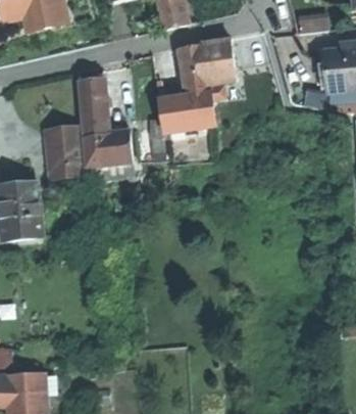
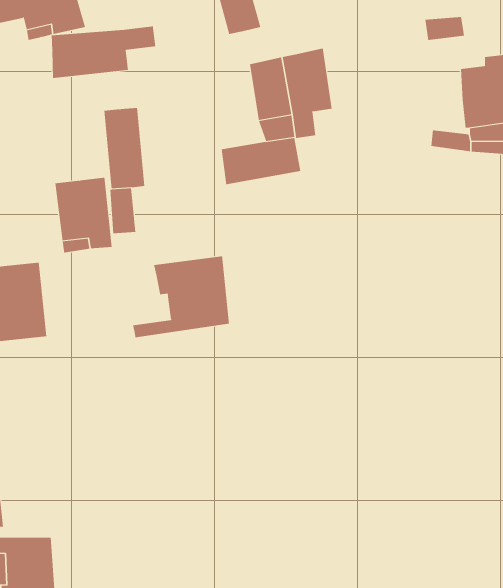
building: none -> [51,25,156,79]
building: [98,130,132,164] -> none
building: none -> [133,255,229,338]

